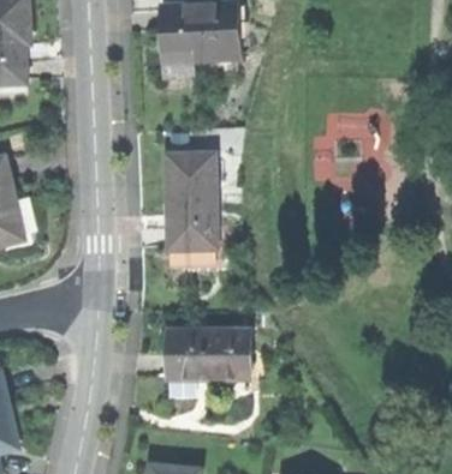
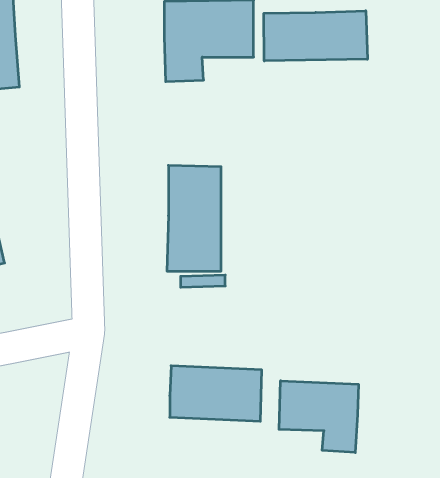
building: none -> [264,11,367,61]
building: none -> [279,381,358,453]

